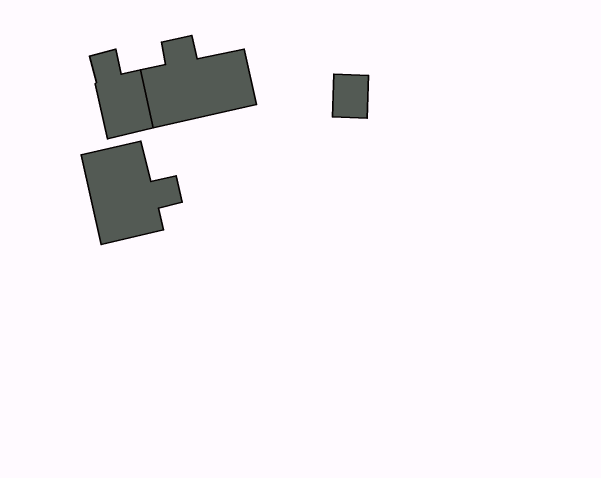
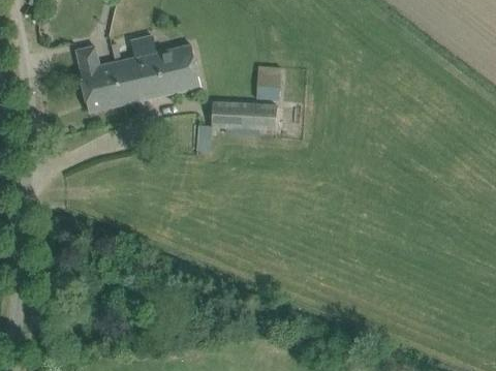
building: none -> [210,101,276,130]
building: [81,141,182,244] -> none

